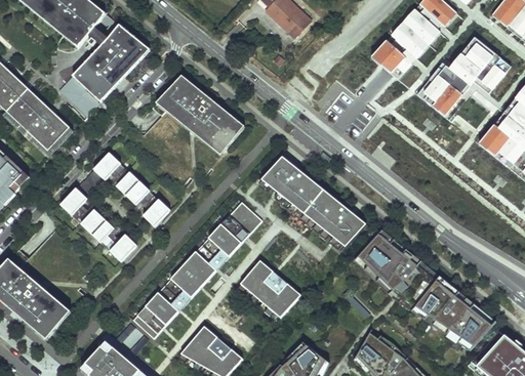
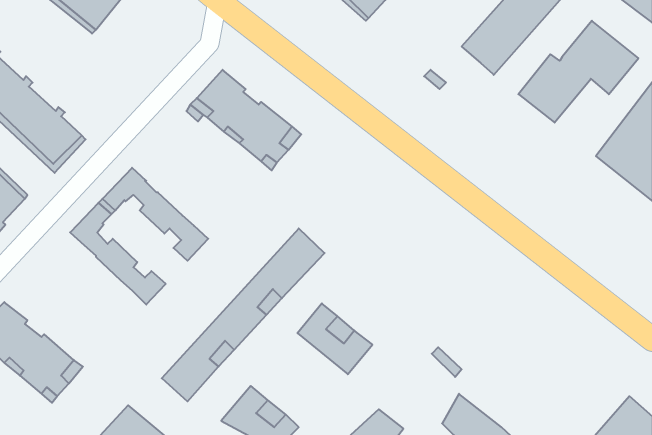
building: [59,24,150,115] -> none
building: [264,157,364,246] -> none
building: [358,233,492,345] -> none

